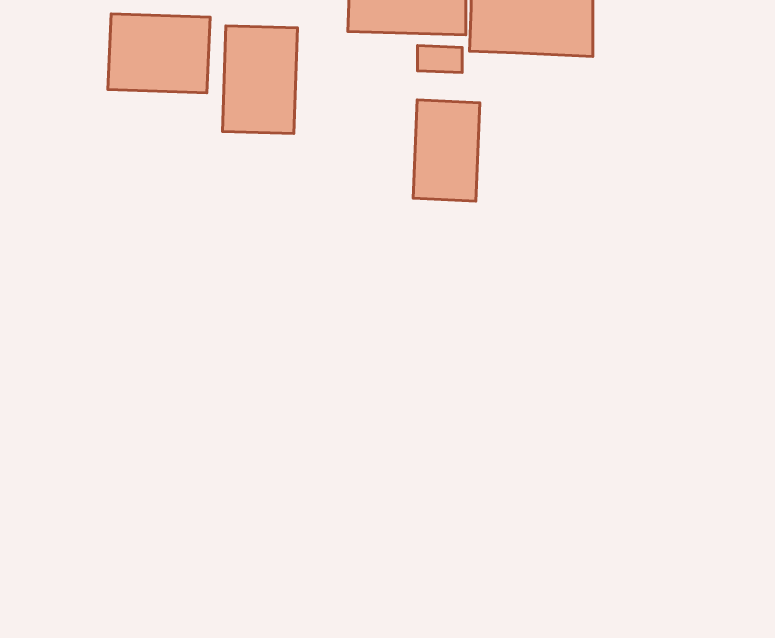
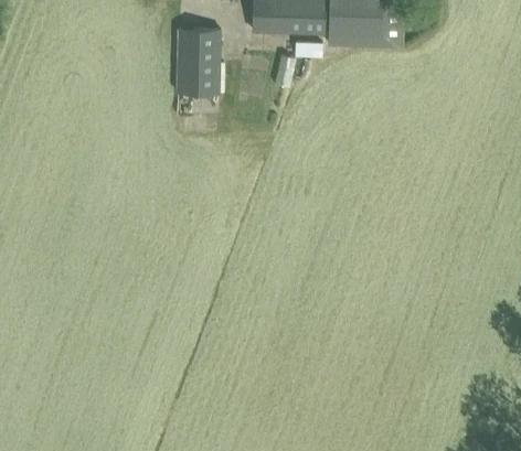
building: [108,14,210,93] -> none
building: [413,100,480,201] -> none

